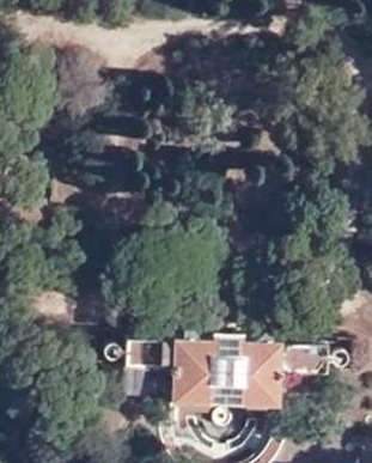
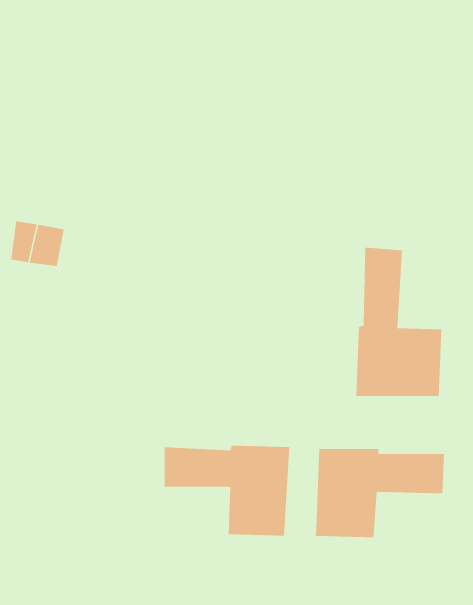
building: none -> [356,247,442,397]

